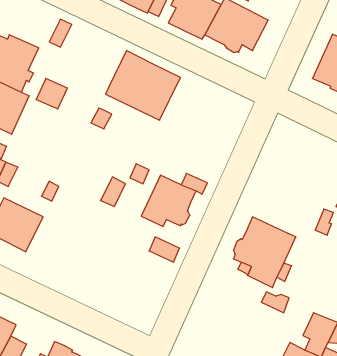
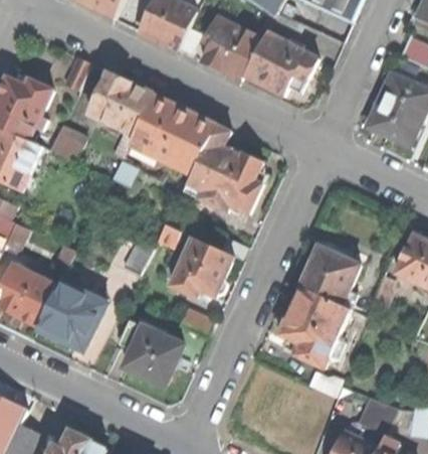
building: none -> [88,71,154,135]
building: none -> [184,125,263,212]
building: none -> [299,246,359,305]
building: none -> [37,282,104,348]
building: none -> [118,319,183,385]

